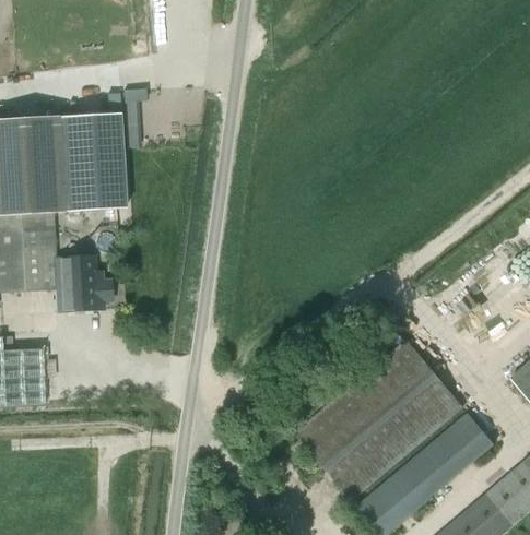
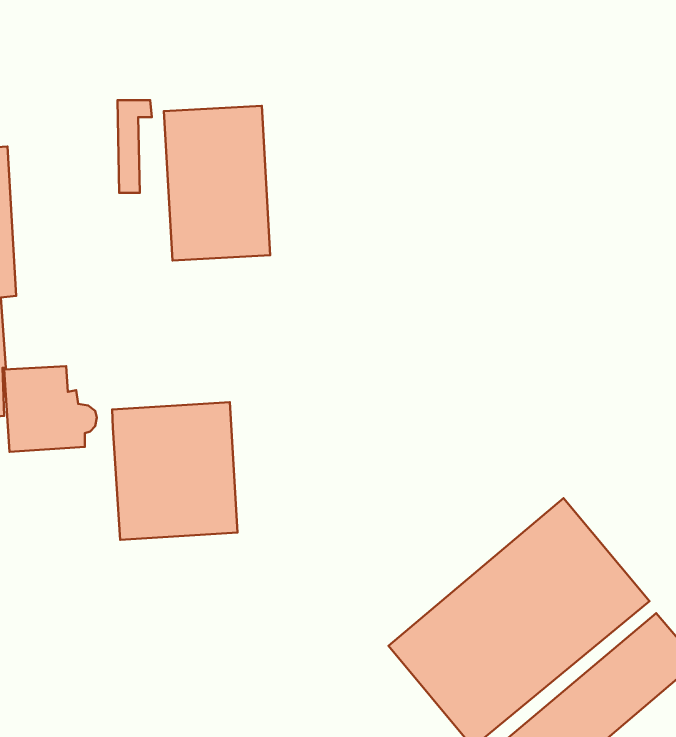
building: [55,112,122,211] -> [164,106,270,260]
building: none -> [112,402,237,540]

